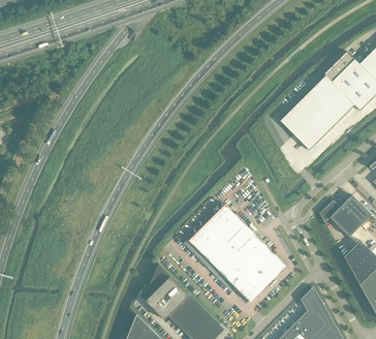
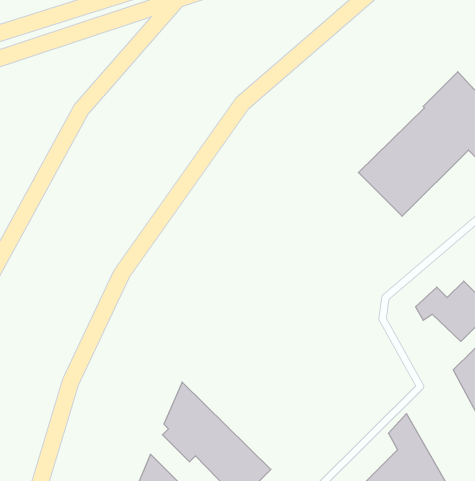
building: [188,205,286,303] -> none

